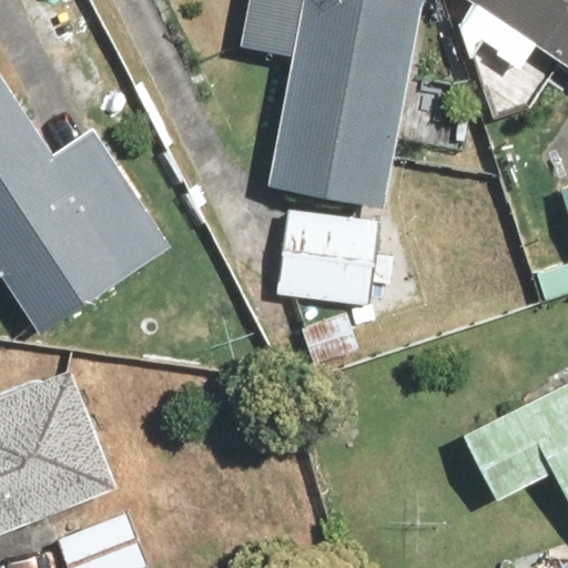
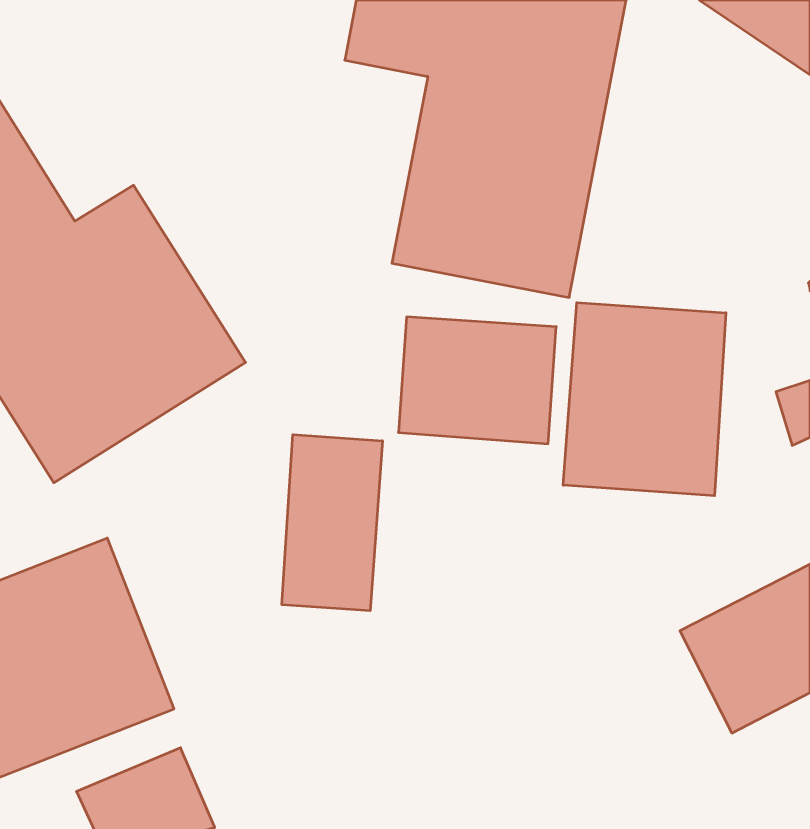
building: none -> [563,303,726,496]
building: none -> [282,435,382,611]

